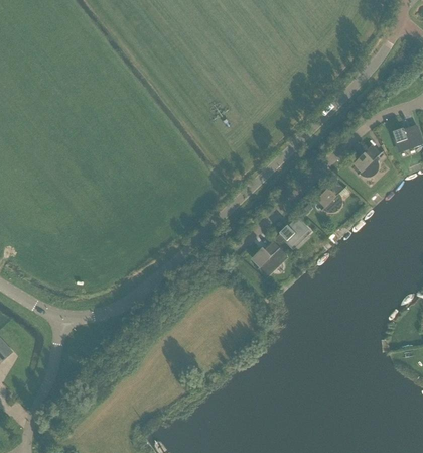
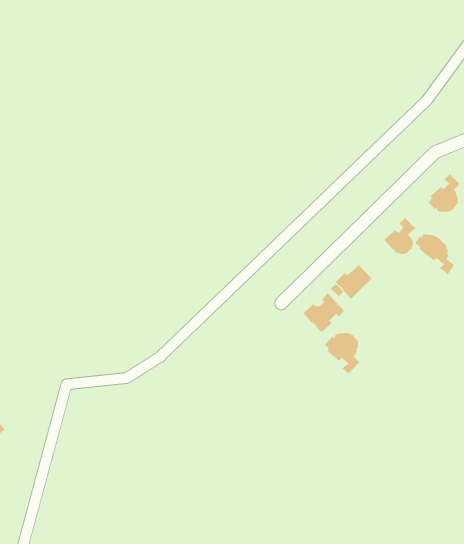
building: none -> [414,234,458,275]
building: none -> [324,332,362,374]

